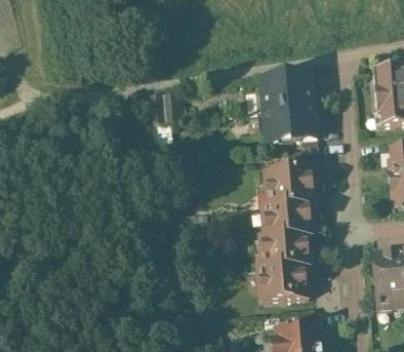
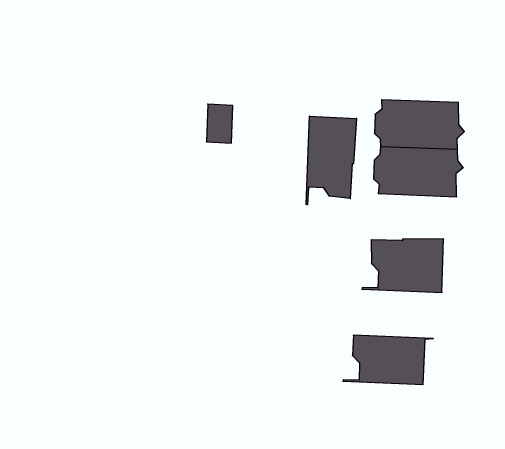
building: none -> [306,116,356,205]
building: [259,199,314,234] -> none
building: [256,261,309,298] -> none

